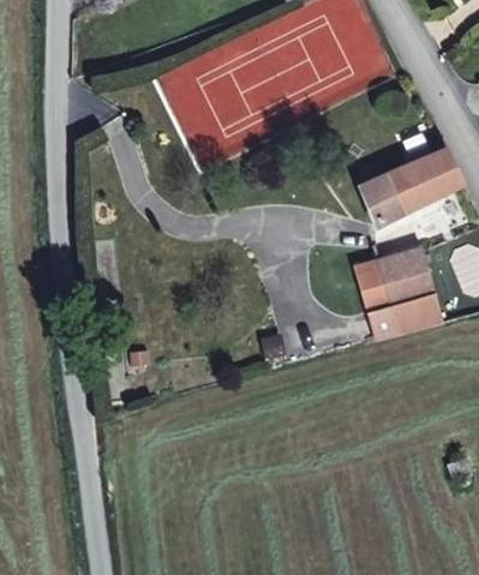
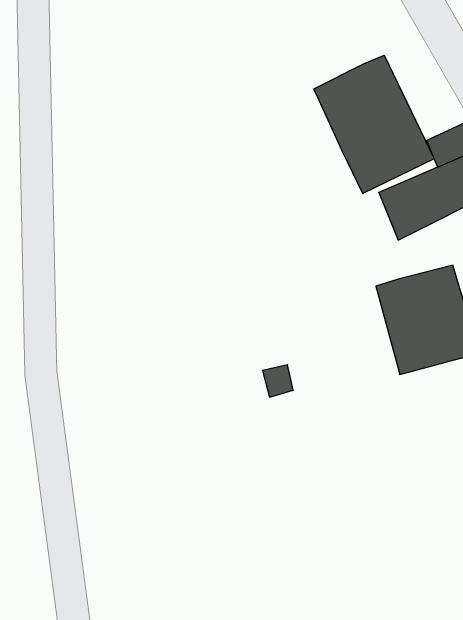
building: none -> [314,55,434,194]

